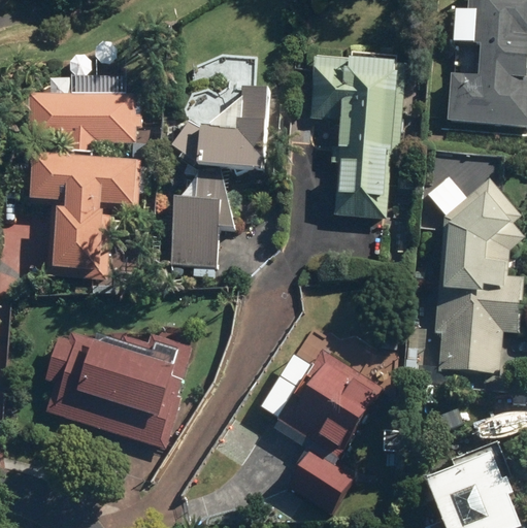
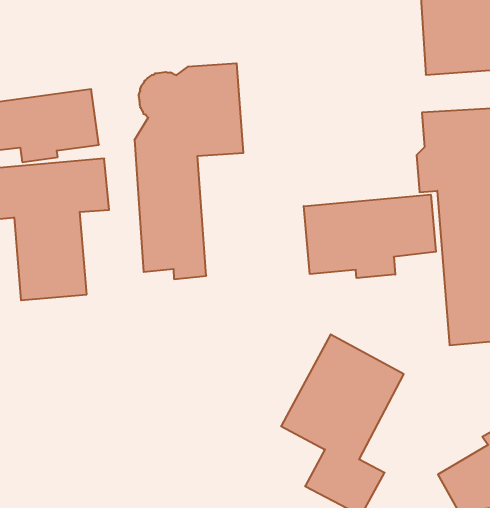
building: [310,48,405,220] -> none
building: none -> [304,195,436,278]
building: [46,330,191,446] -> none

